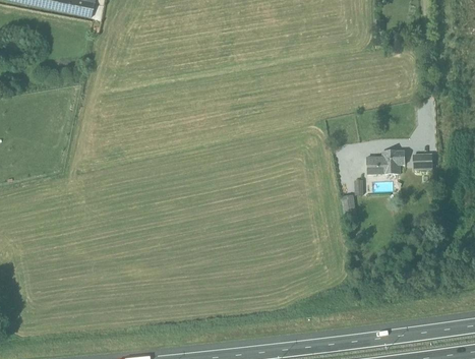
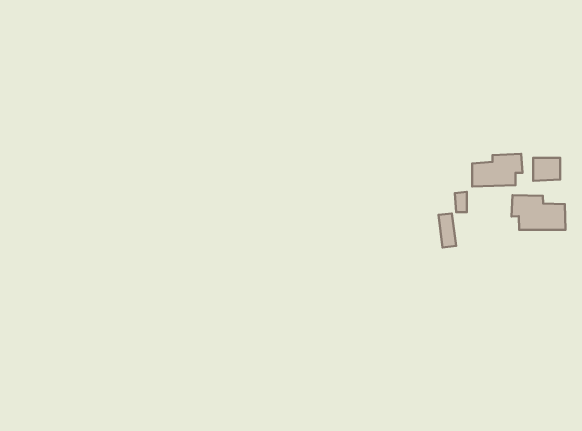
building: none -> [512,195,566,230]

